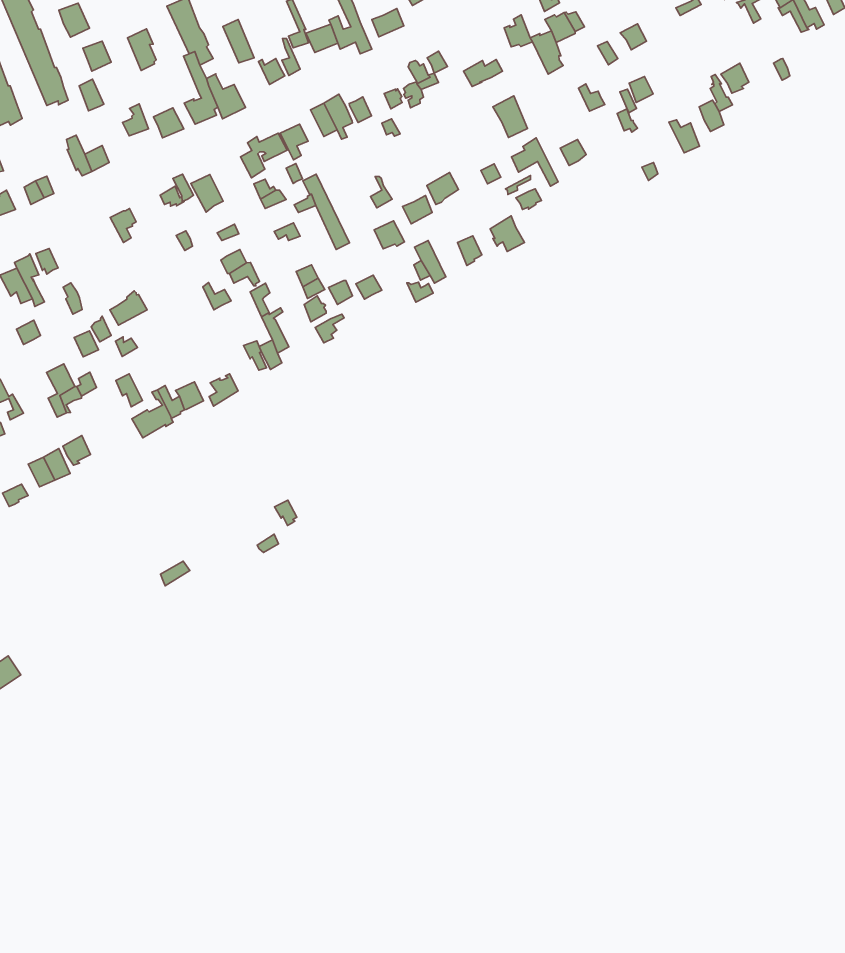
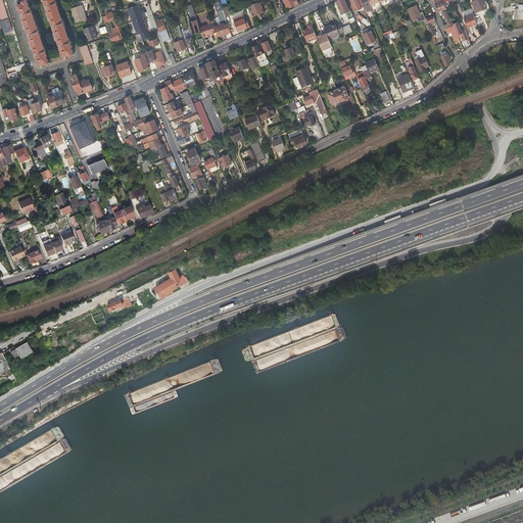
building: none -> [69,118,95,147]

